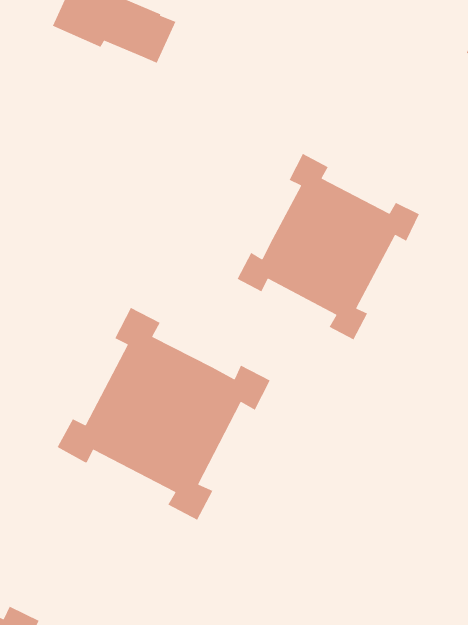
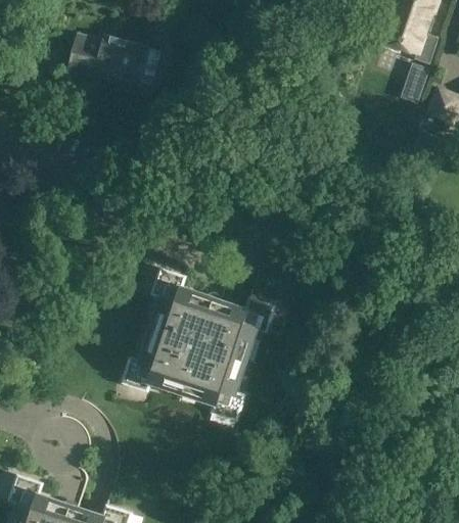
building: [237,153,420,340] -> none

